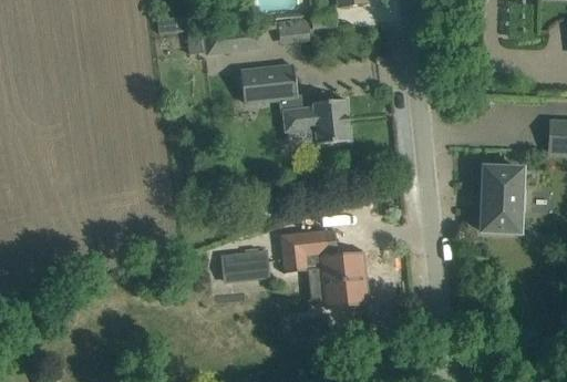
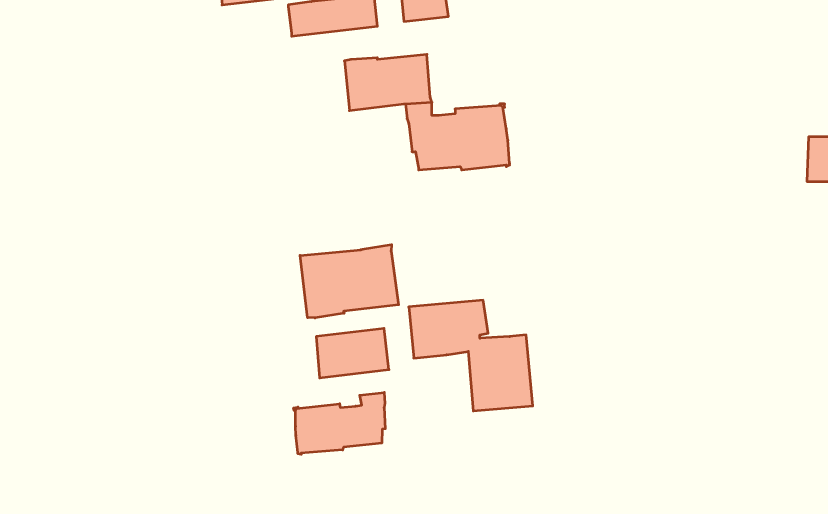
building: [482,162,526,234] -> none
building: none -> [300,245,399,318]
building: none -> [294,392,385,454]

